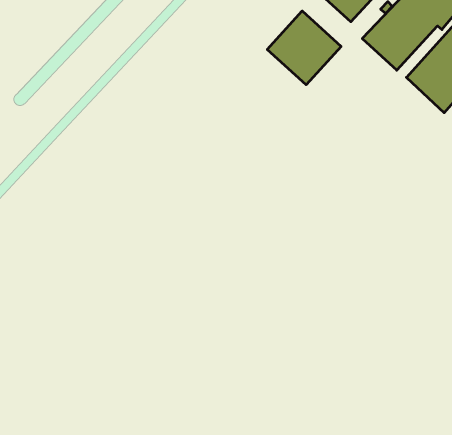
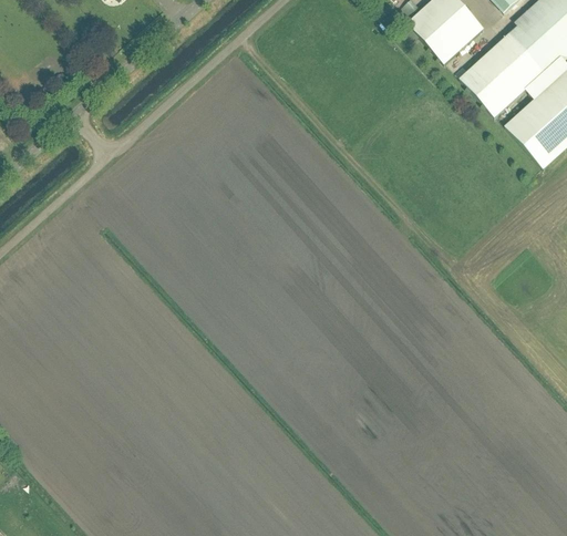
building: [267,11,341,85] -> none

